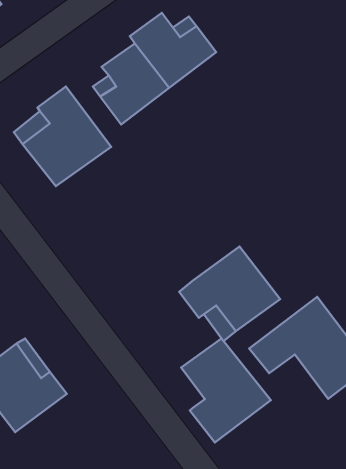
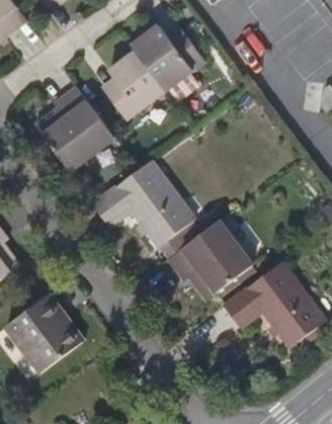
building: none -> [98,159,196,256]
building: [181,339,271,443] -> none

